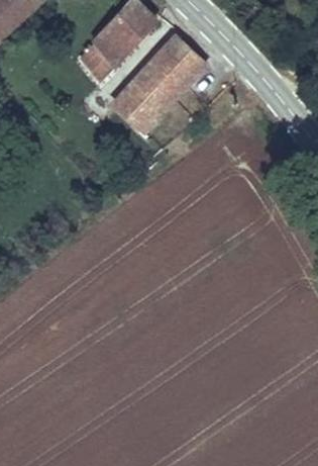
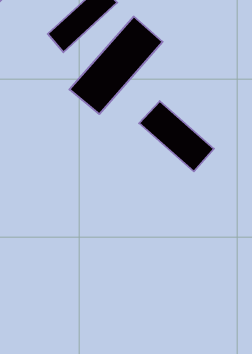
building: none -> [139,101,214,171]

